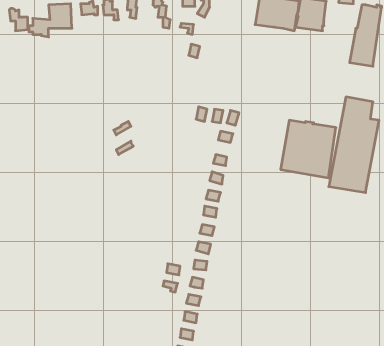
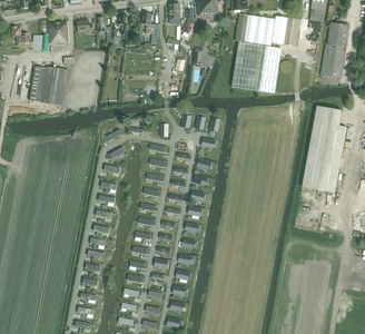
building: none -> [30,66,67,105]
building: [281,120,336,178] -> [230,41,280,94]

